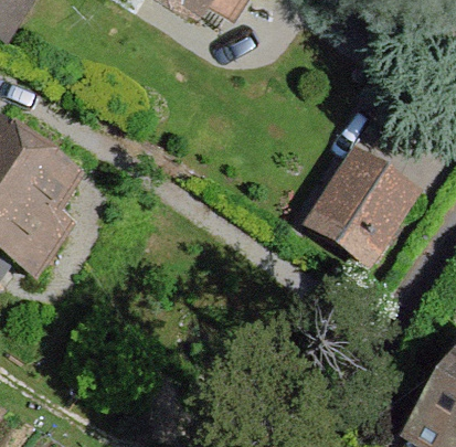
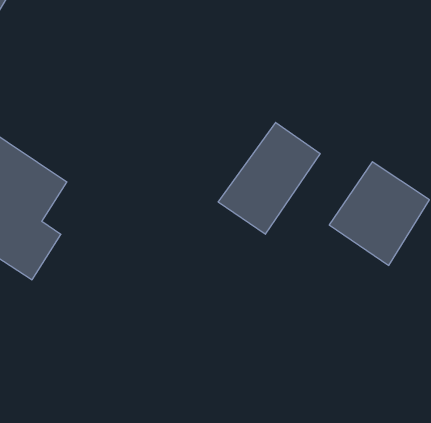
building: none -> [218,122,320,234]

